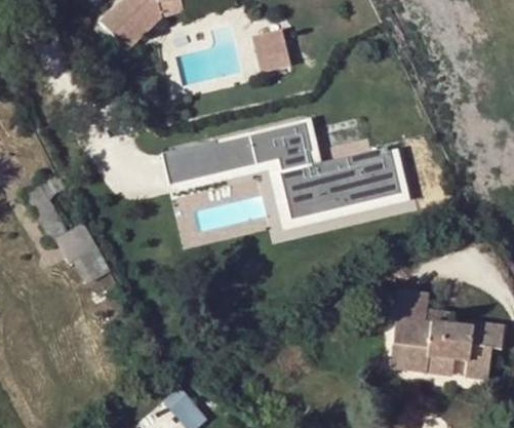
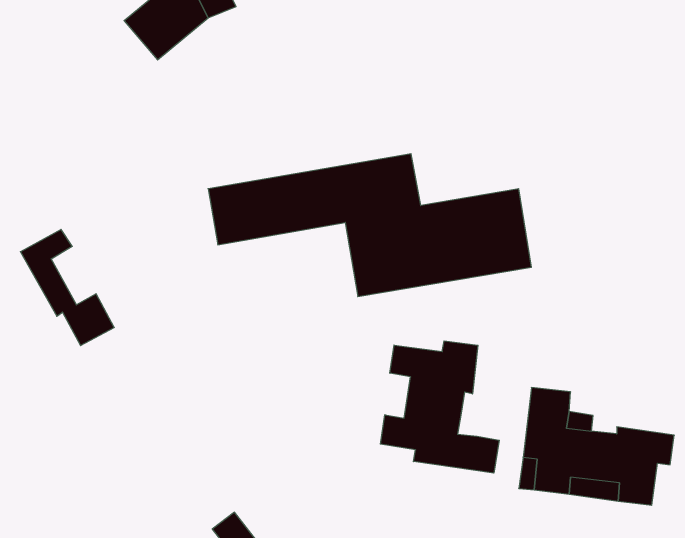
building: [252,27,295,73] -> none
building: none -> [380,341,499,473]

